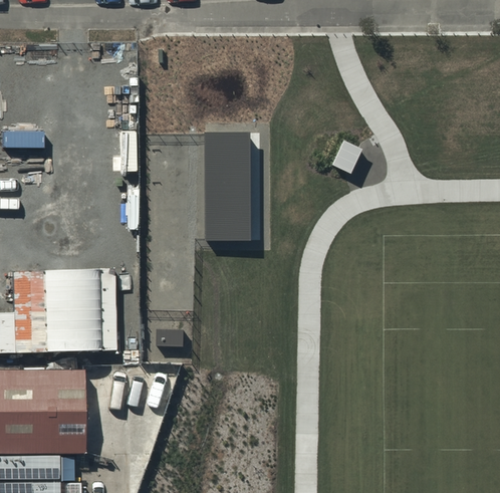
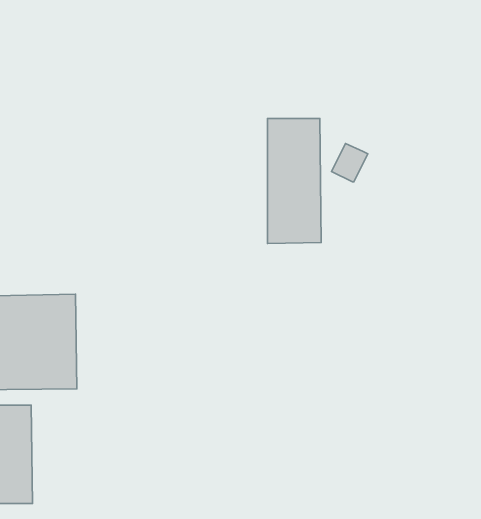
building: [207,134,253,241] -> [267,119,321,244]

